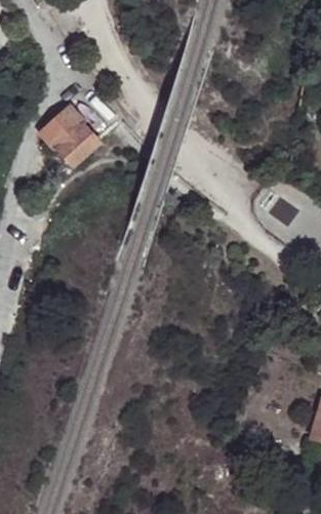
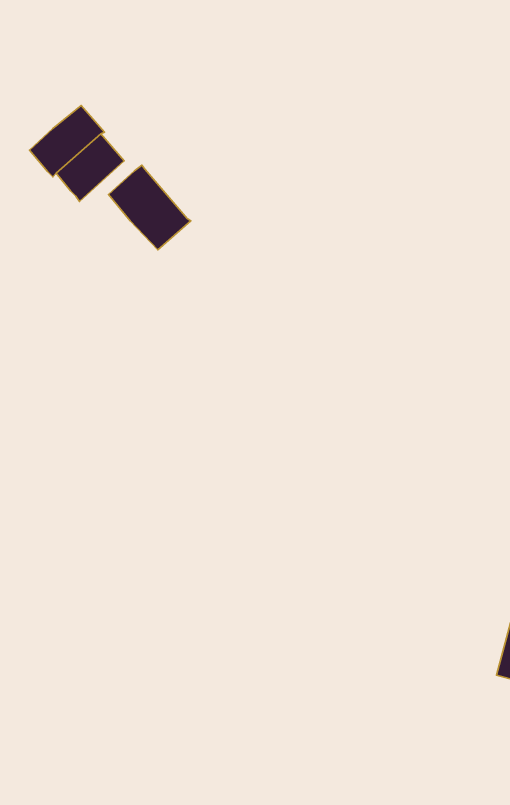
building: none -> [109,165,191,250]

